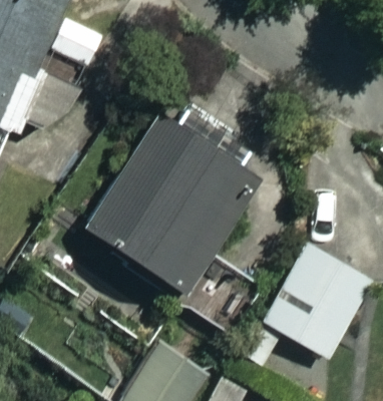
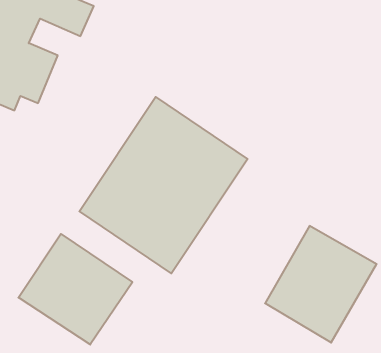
building: none -> [18,234,132,345]

